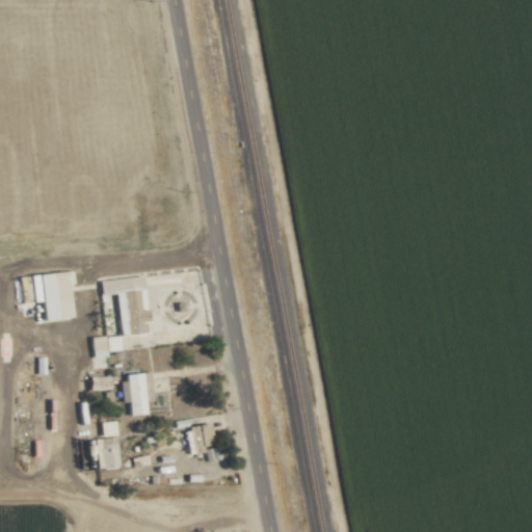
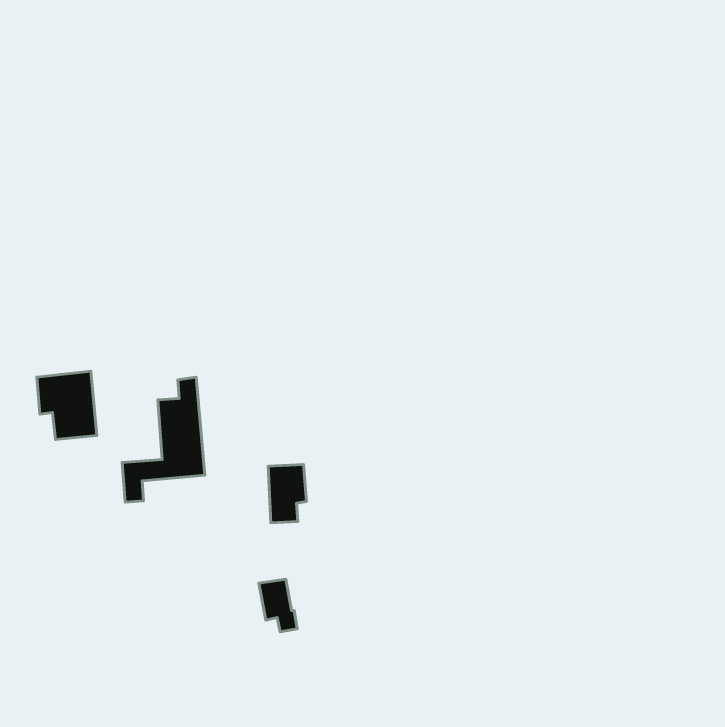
building: [125,373,153,416] -> [268,465,306,523]
building: [96,422,118,469] -> none

